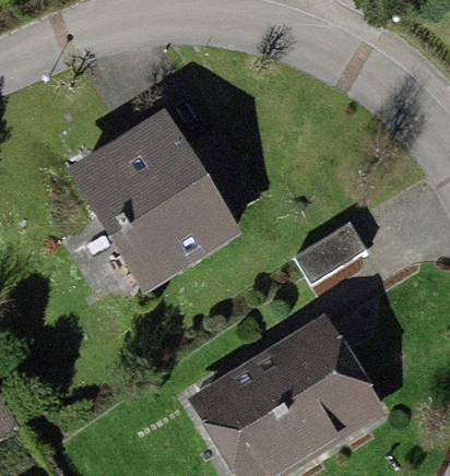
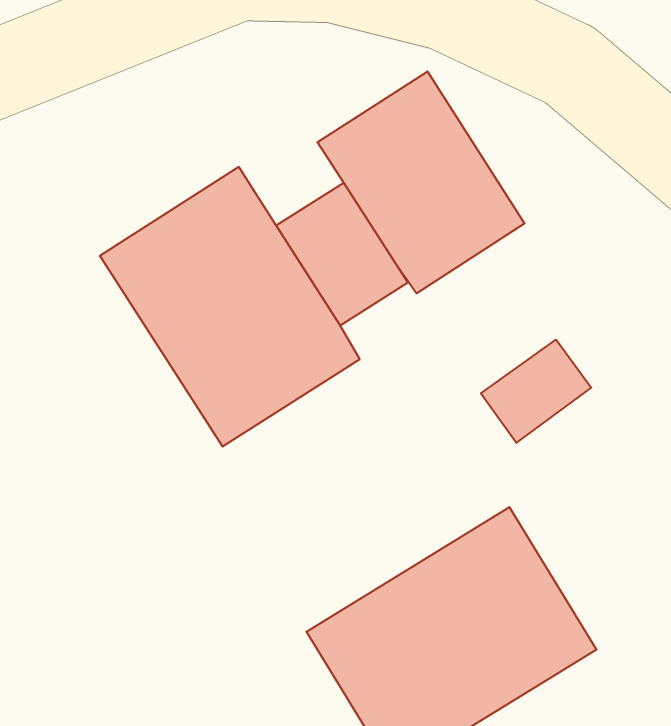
building: none -> [317,71,525,293]

